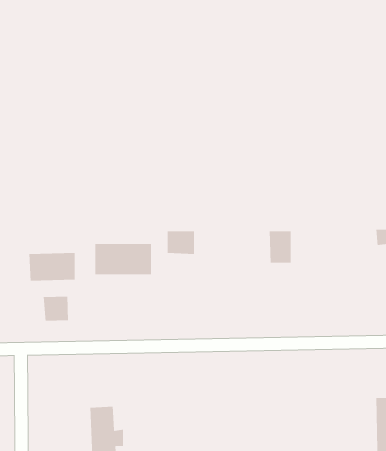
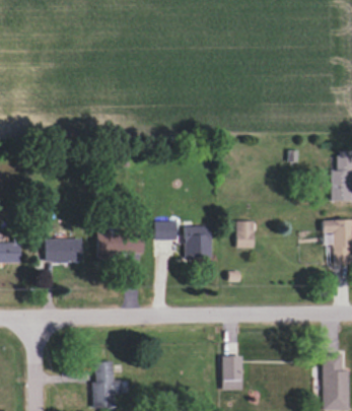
building: none -> [185,225,213,259]
building: [43,296,69,321] -> none
building: none -> [222,355,242,391]

